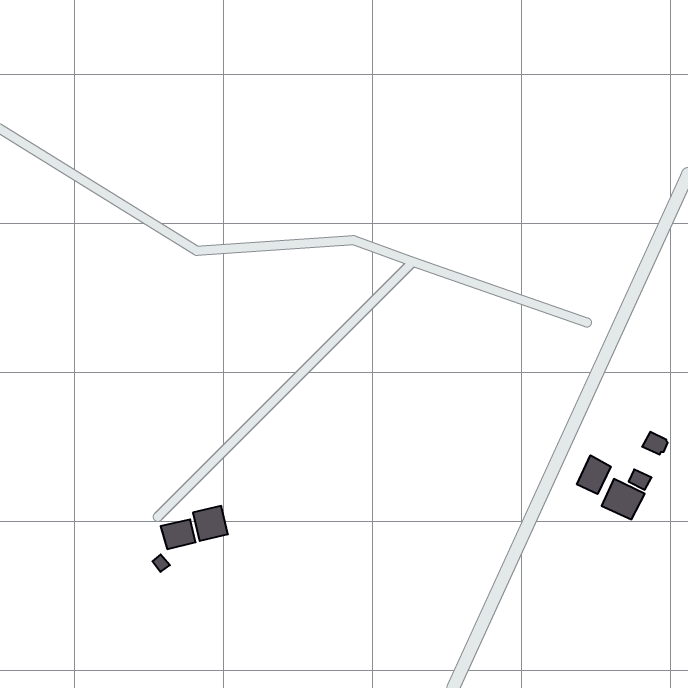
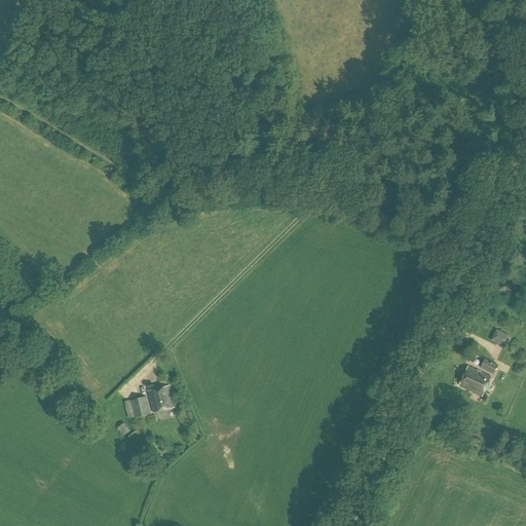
building: [577,455,611,494] -> none

